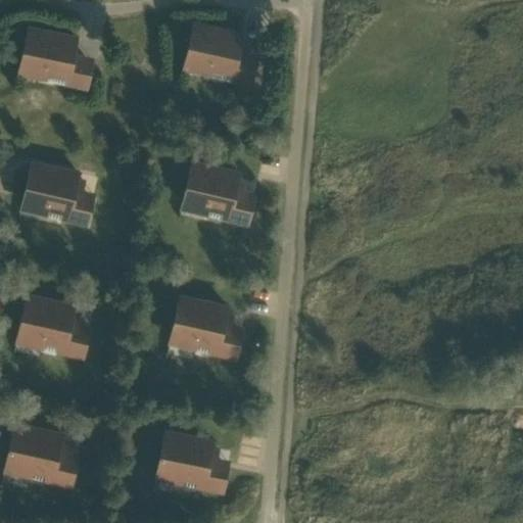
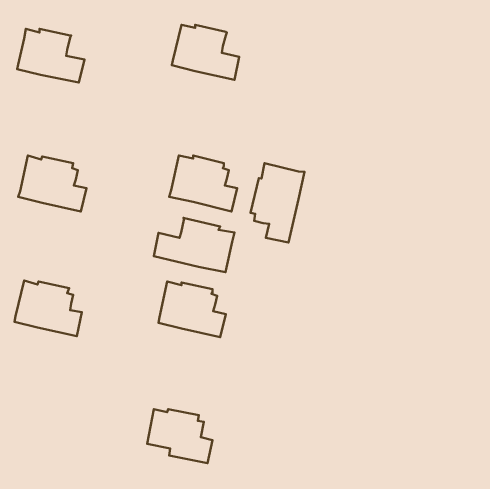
building: none -> [250,163,304,242]
building: none -> [154,218,235,272]
building: [6,430,76,488] -> none

